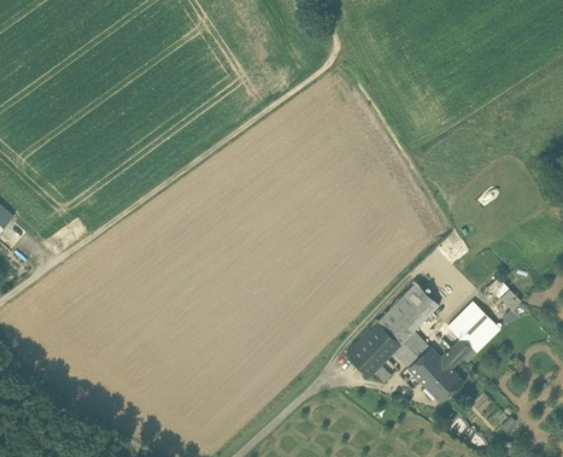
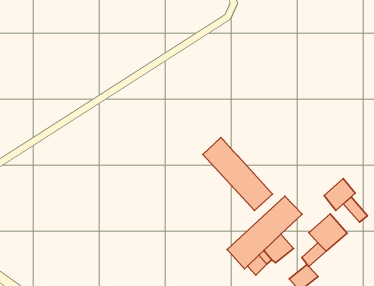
building: none -> [203,137,273,210]
building: none -> [324,179,355,210]
building: [407,347,447,386] -> none

